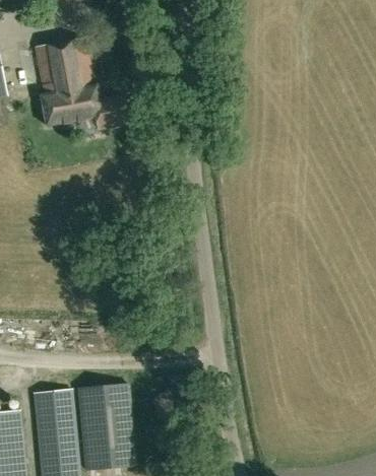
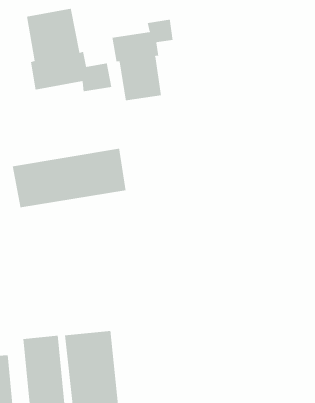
building: none -> [112,19,173,101]
building: none -> [12,148,126,208]

